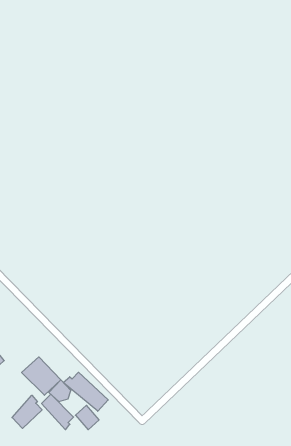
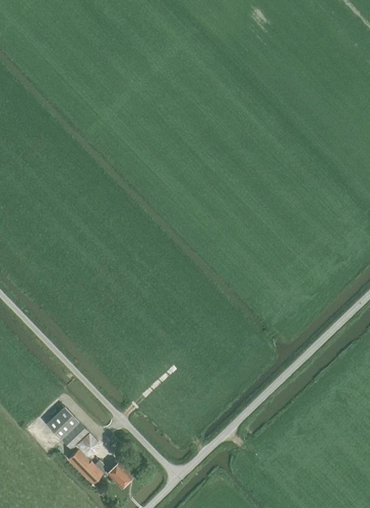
building: [63,372,108,411] -> none
building: [12,395,42,428] -> none

